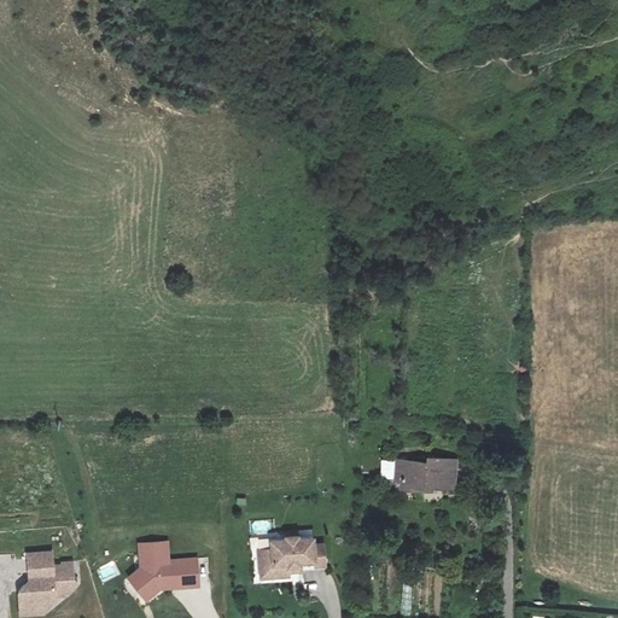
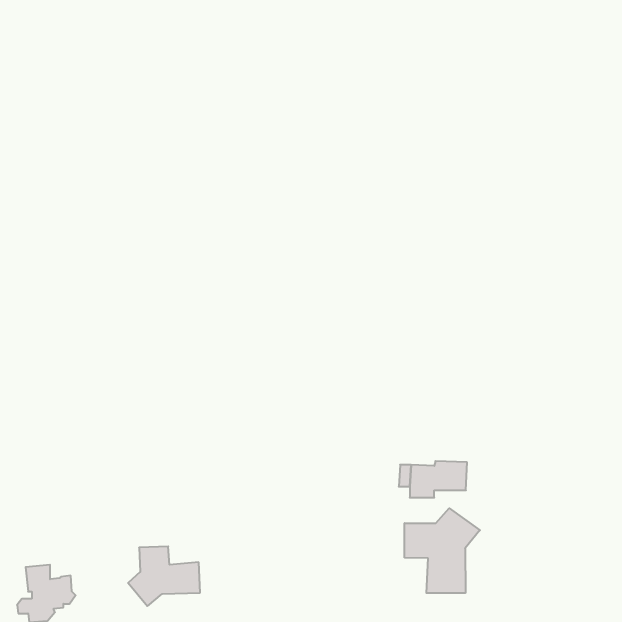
building: none -> [405,508,480,593]
building: [260,536,325,576] -> none

